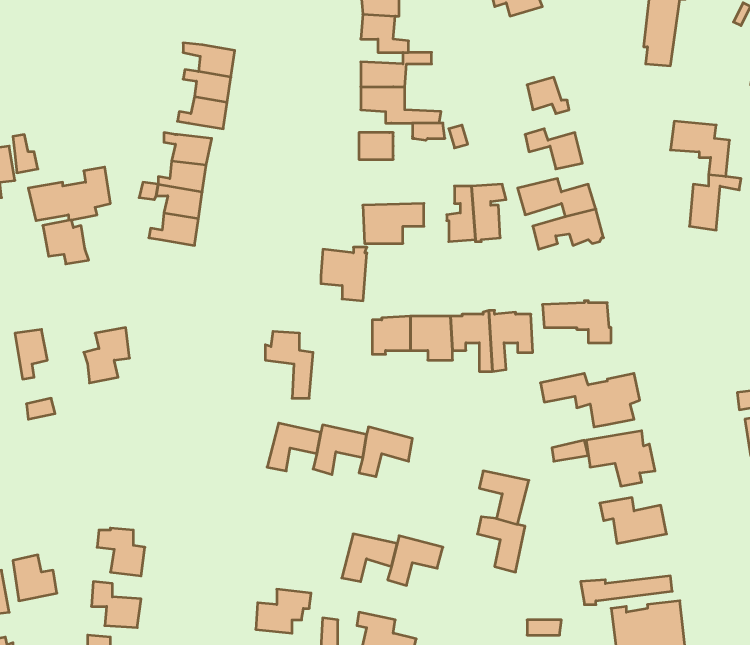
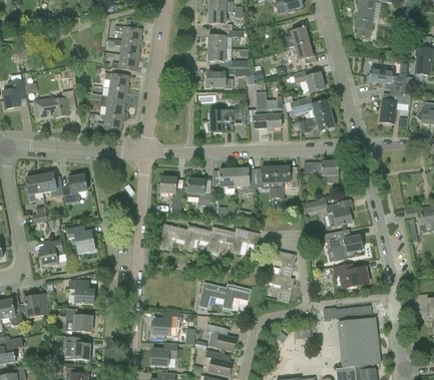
building: none -> [286,21,309,47]
building: [43,220,89,264] -> [40,172,64,196]
building: [321,247,367,301] -> [187,177,211,206]
building: none -> [66,226,95,253]
building: none -> [231,229,259,254]
building: none -> [39,238,62,265]

